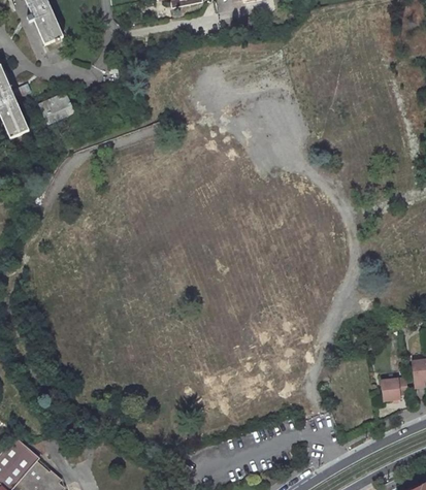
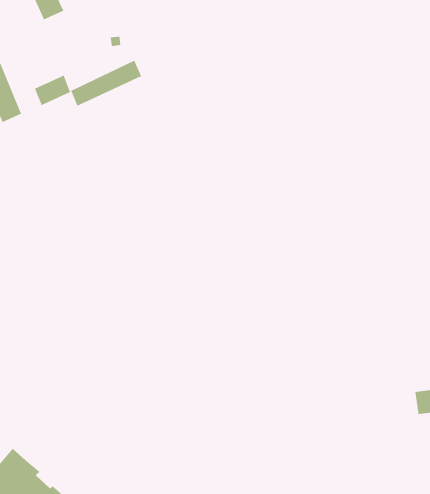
building: none -> [70,60,142,106]

